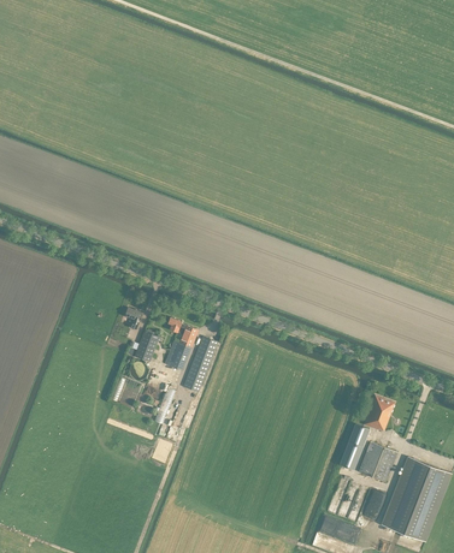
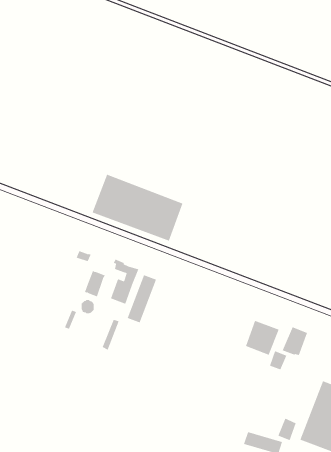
building: none -> [92,174,183,241]
building: [356,441,396,482] -> [245,320,280,356]

